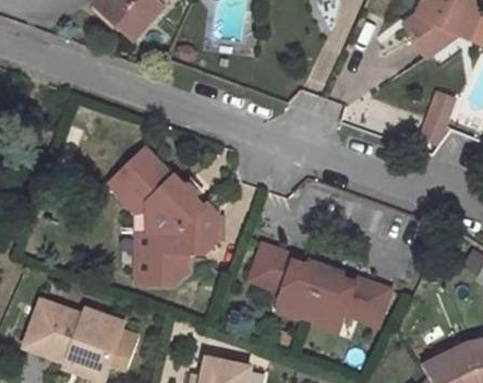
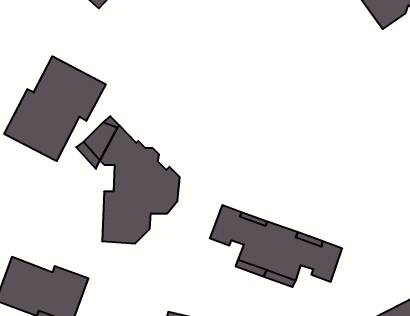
building: [418,88,456,145] -> none
building: none -> [4,56,106,161]

